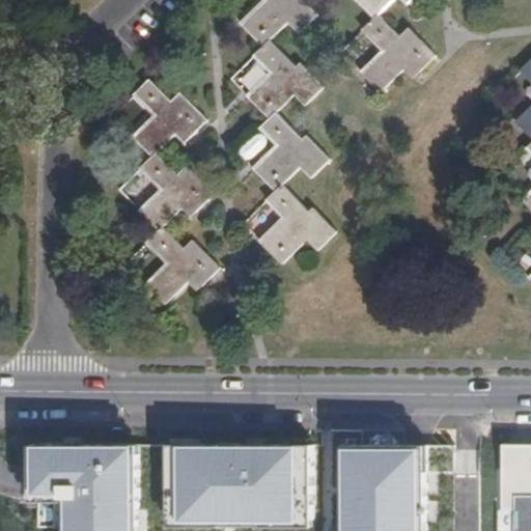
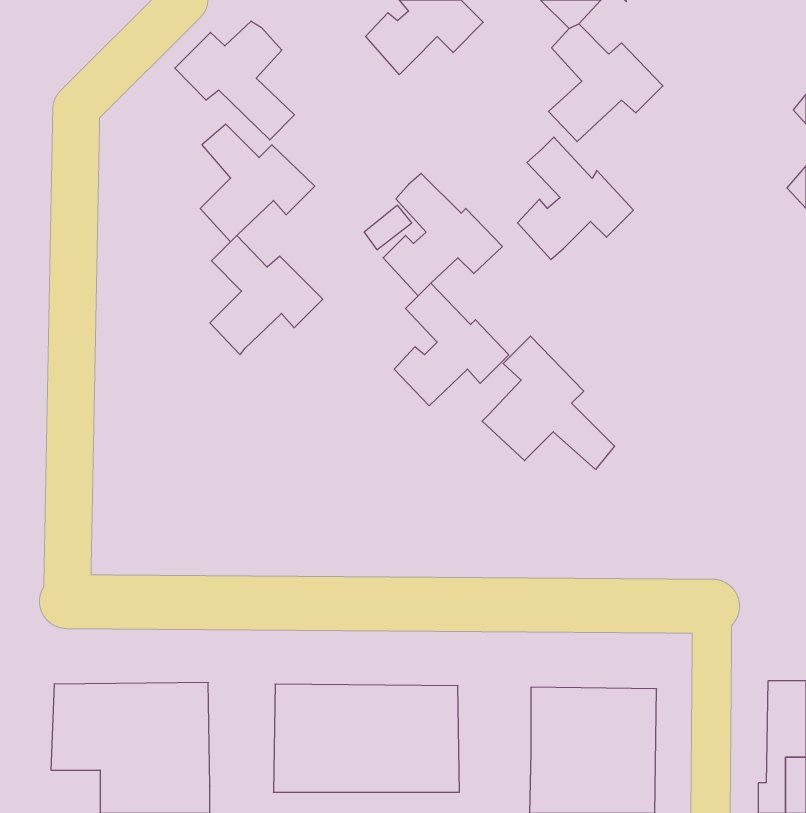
building: none -> [175,21,294,140]
building: [245,40,320,120] -> [517,137,633,260]
building: none -> [482,336,615,469]
building: [143,227,217,304] -> none

